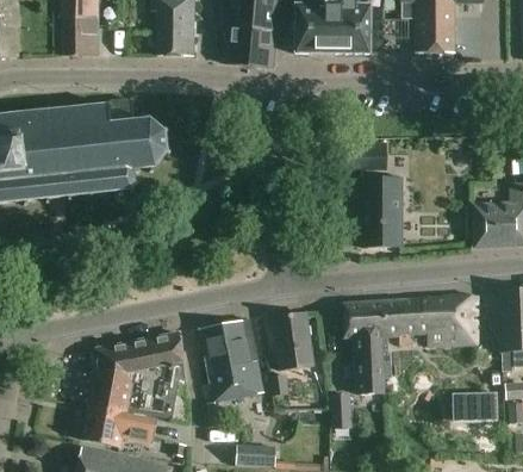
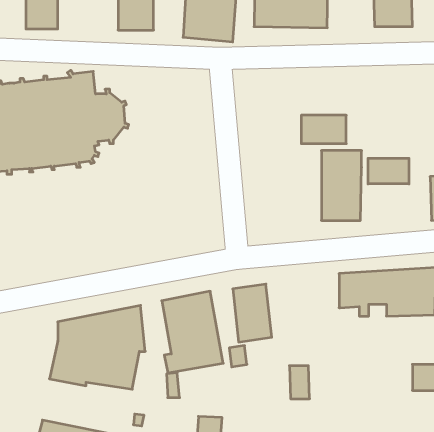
building: none -> [368,158,409,184]
building: [345,300,385,393] -> none
building: [83,406,156,446] -> none

